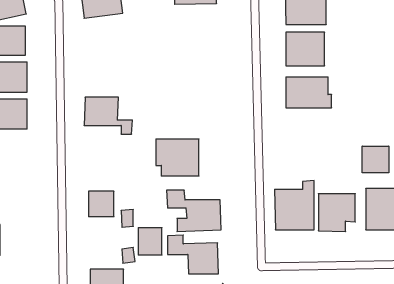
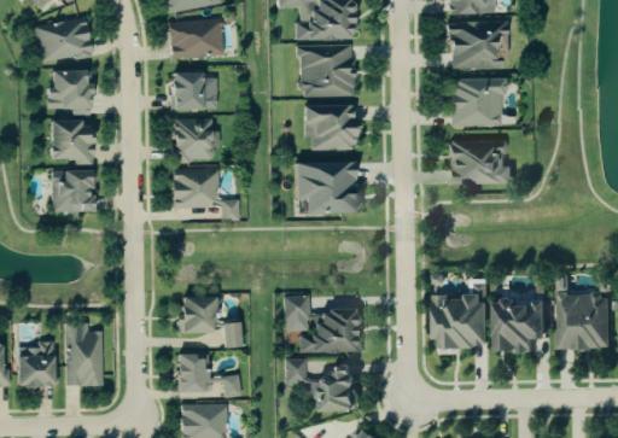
building: none -> [298,43,352,95]
building: none -> [170,71,216,109]
building: none -> [303,101,357,148]
building: none -> [171,117,216,160]
building: [156,139,199,176] -> [296,162,355,212]
building: [362,146,389,173] -> none
building: none -> [70,331,106,384]
building: [138,228,162,255] -> [176,354,209,391]

